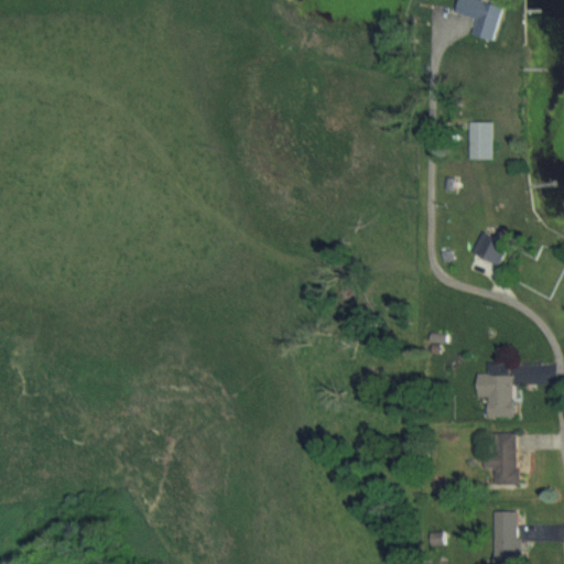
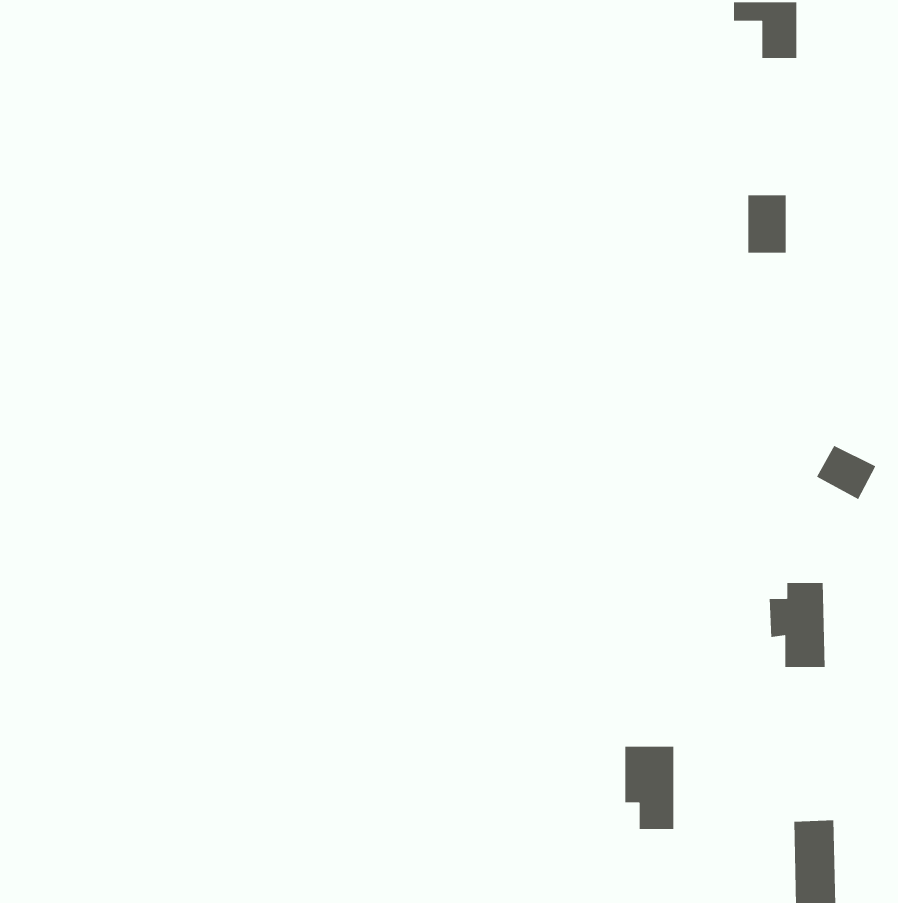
building: [469,231,507,265] -> [816,445,876,500]
building: [486,433,517,485] -> [625,746,674,829]

